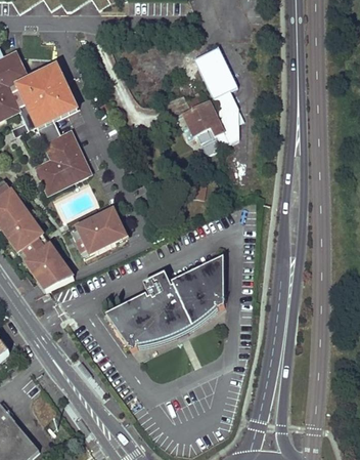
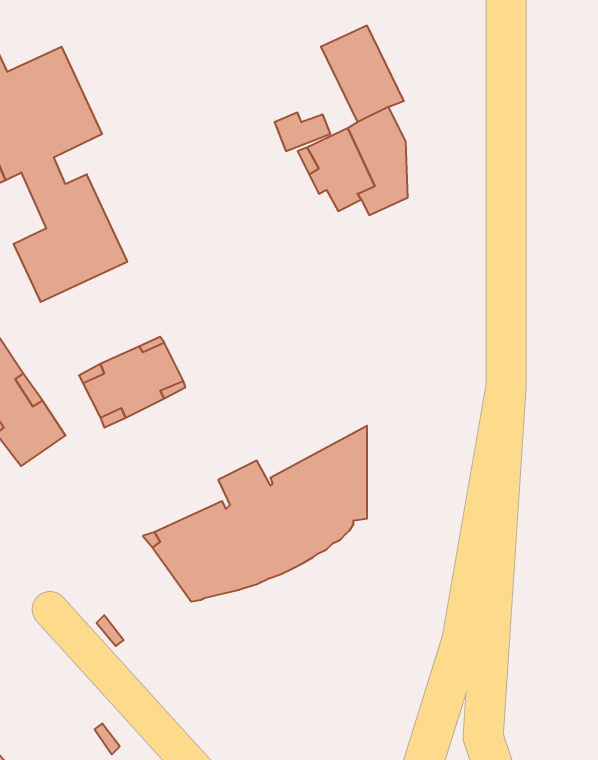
building: [37,264,72,292] -> none

